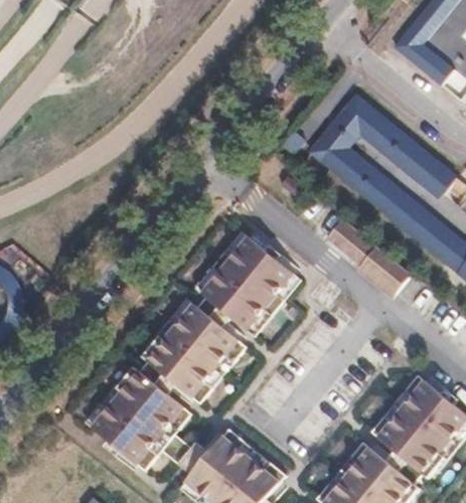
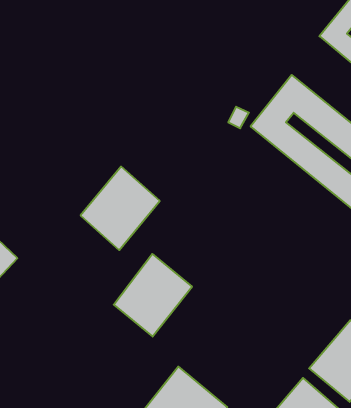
building: [325,217,370,262] -> none
building: [200,233,293,331] -> [81,167,160,250]
building: [355,245,411,298] -> none
building: [91,373,184,465] -> none

